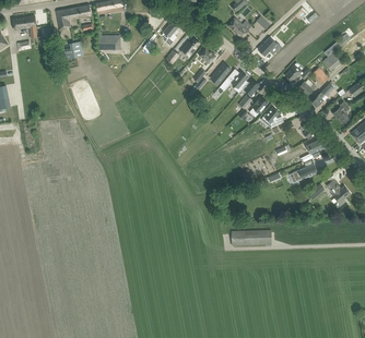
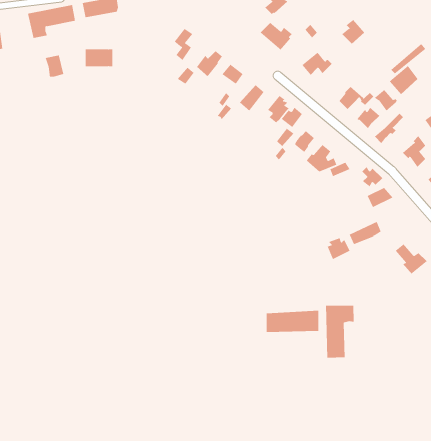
building: none -> [325,305,354,359]

